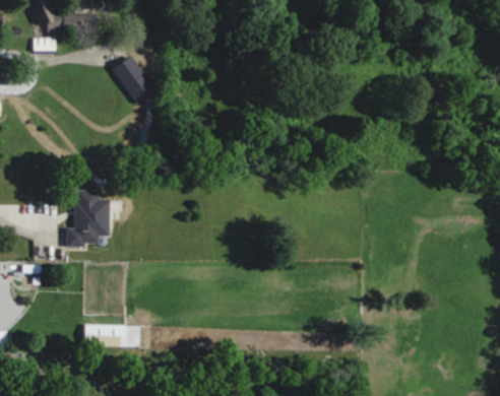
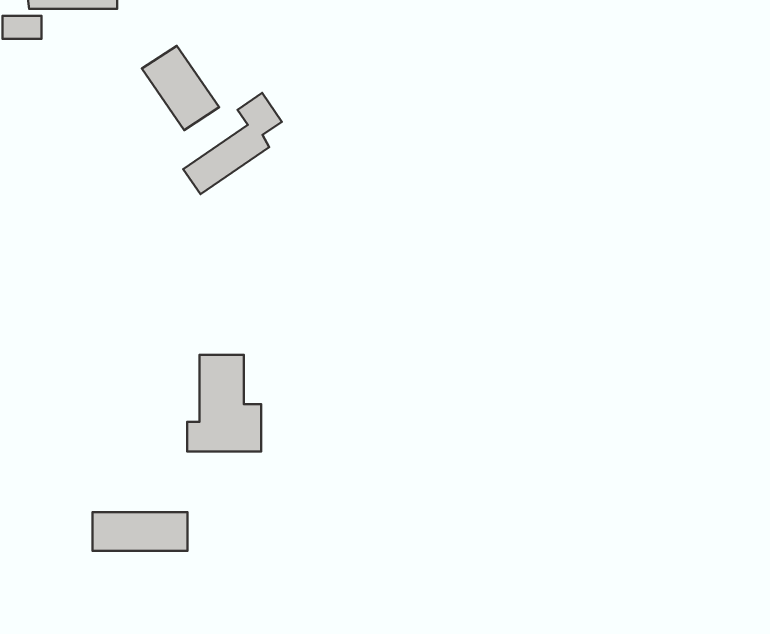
building: none -> [183,93,282,194]
building: [67,190,110,246] -> [187,355,261,452]

